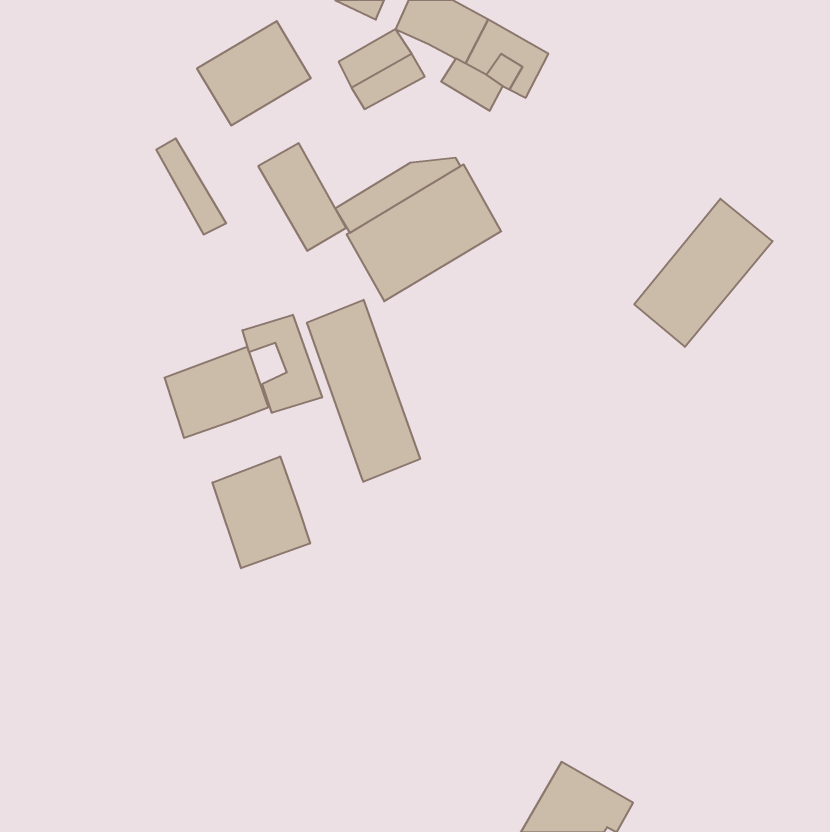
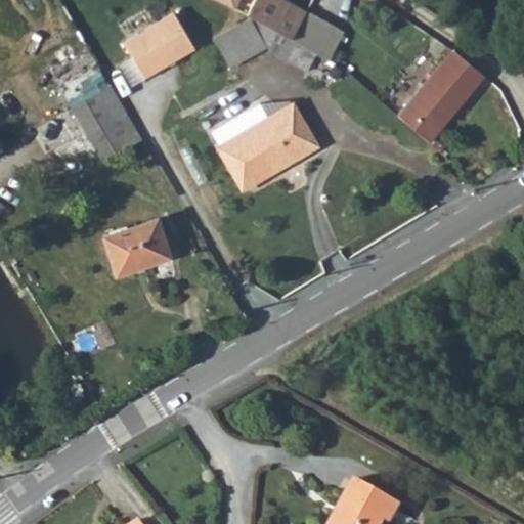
building: [258,143,346,251] -> [74,94,129,162]
building: [634,199,773,347] -> [398,49,485,142]
building: [307,300,420,482] -> none
building: [242,315,322,413] -> none
building: [212,456,310,568] -> none

